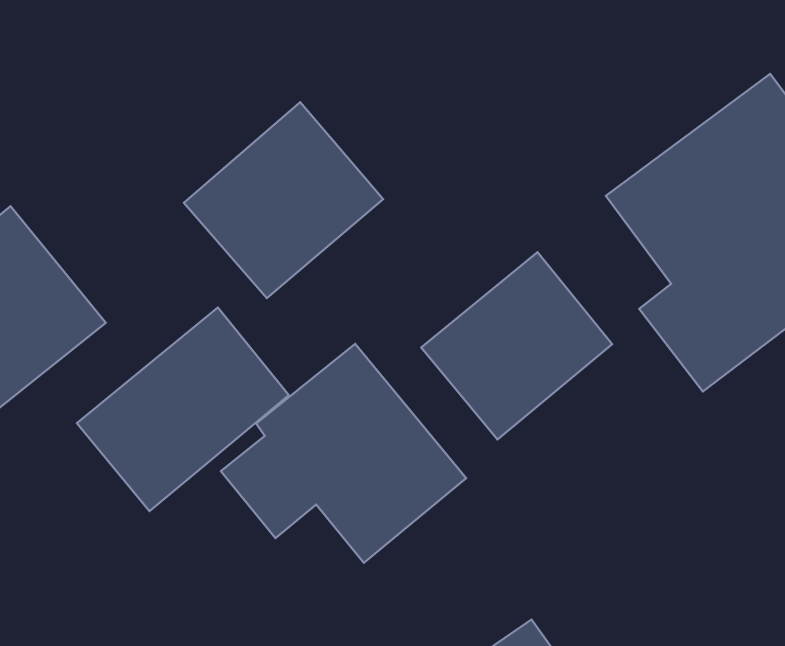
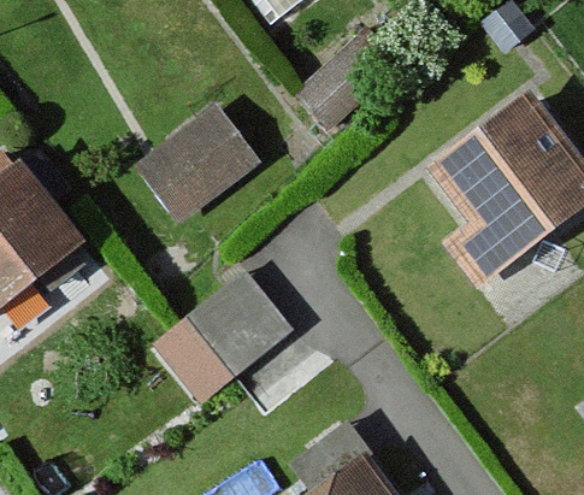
building: [421,252,612,440] -> none
building: [77,307,289,511] -> none

